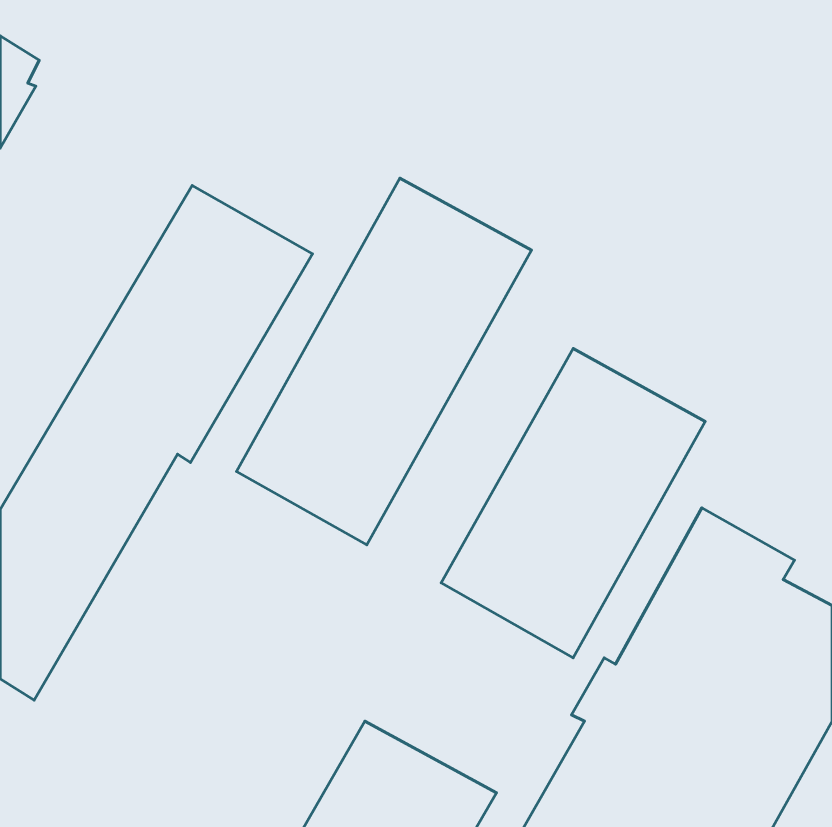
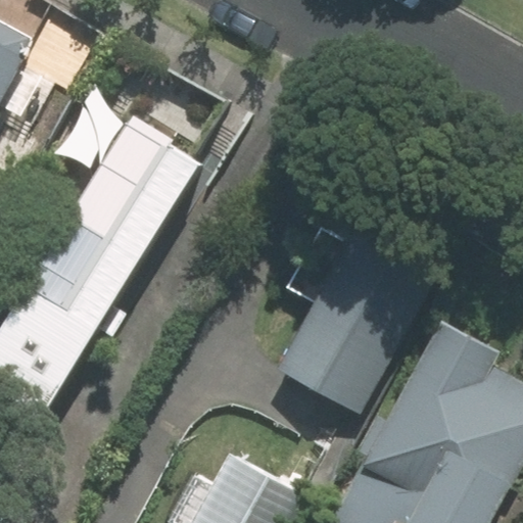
building: [237,178,531,545] -> none

